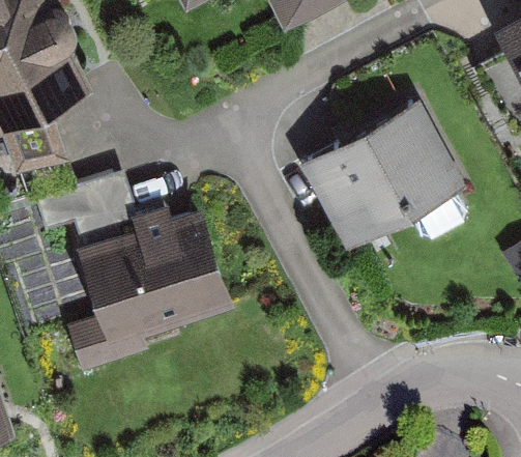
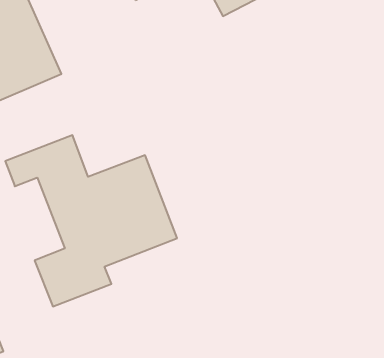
building: [303,103,475,253] -> none

